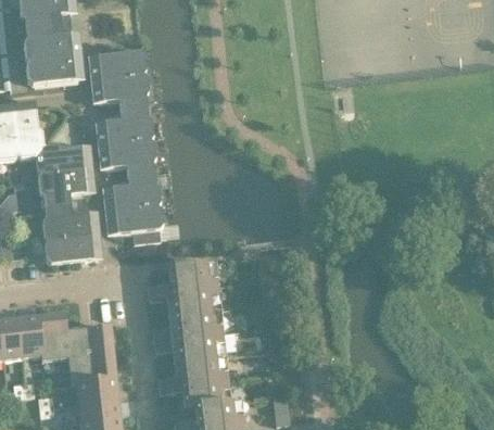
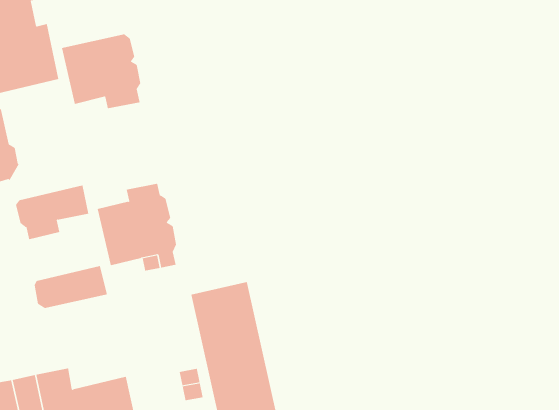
building: [93,106,155,175] -> none
building: [34,143,92,174] -> none
building: [41,203,99,240] -> none

